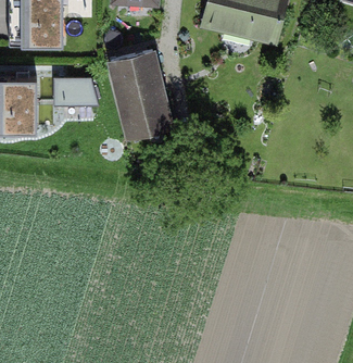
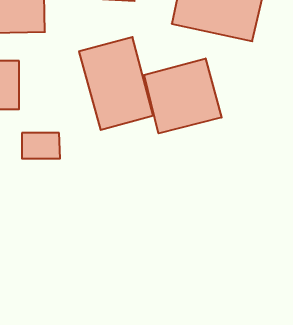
building: none -> [144,58,222,133]
building: [58,72,98,99] -> [22,133,60,159]

